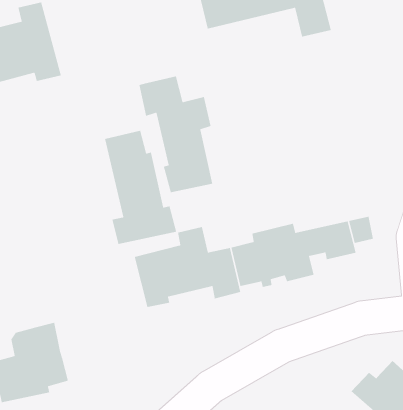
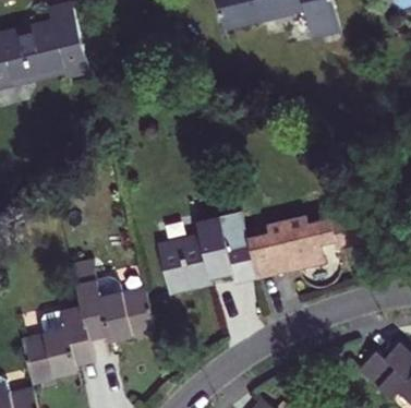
building: [139,75,213,193] -> none
building: [104,130,177,245] -> none
building: none -> [77,279,156,340]

